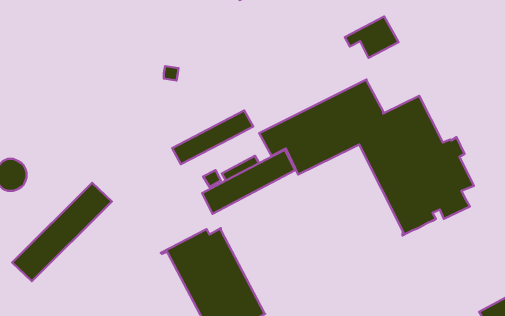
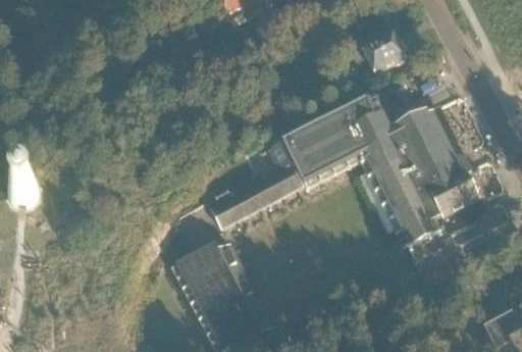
building: [172,110,253,164] -> none
building: [12,183,112,281] -> none

